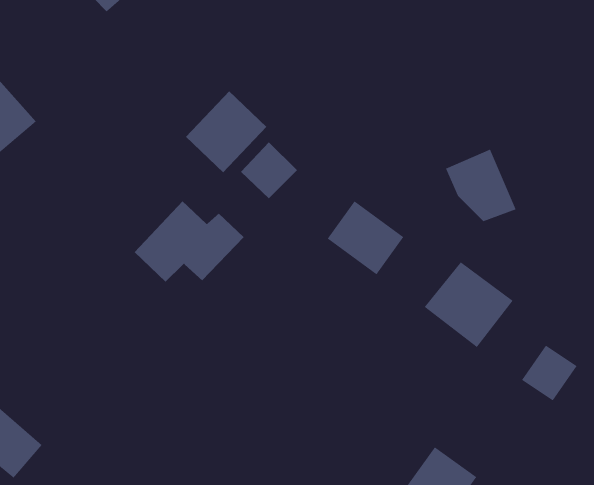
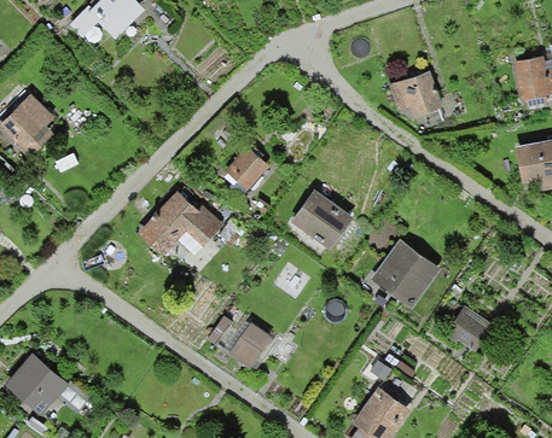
building: [185,90,267,173] -> none
building: [445,149,516,222] -> [391,70,448,128]
building: none -> [228,321,274,369]

